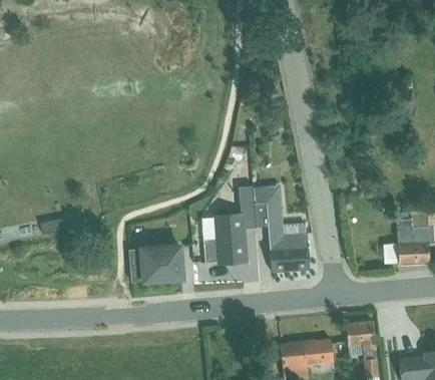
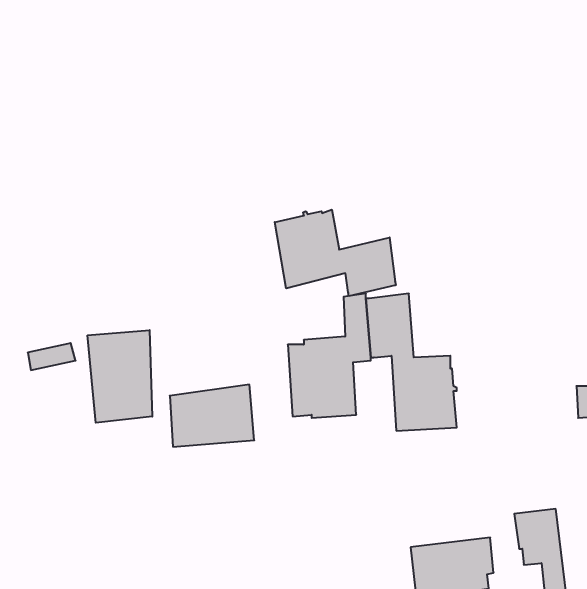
building: none -> [275,210,396,296]
building: none -> [88,330,152,423]

